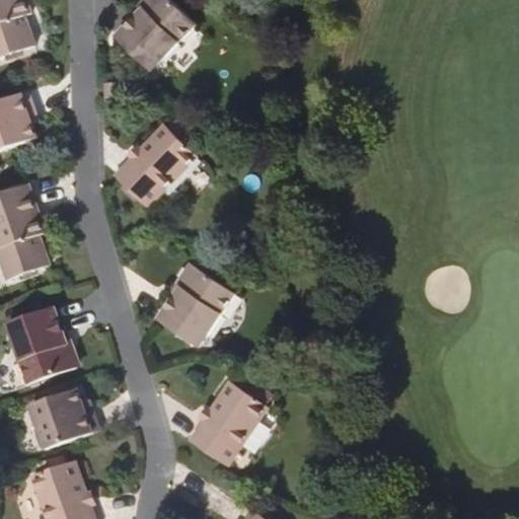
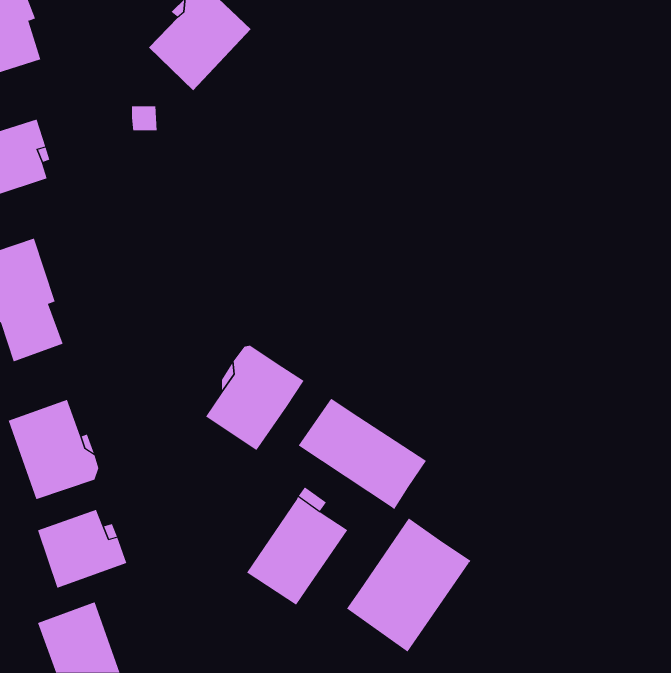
building: [113,125,194,206] -> none
building: none -> [298,398,427,510]
building: none -> [346,517,471,652]

